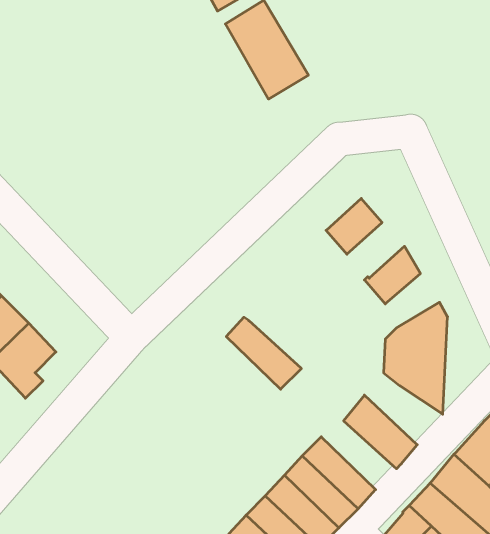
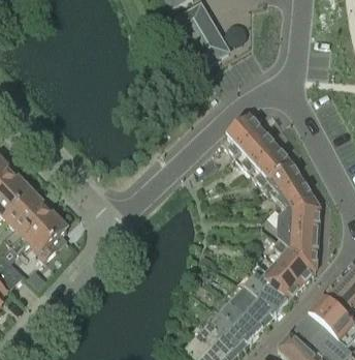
building: none -> [226,113,263,149]
building: none -> [254,144,291,180]
building: none -> [276,177,314,212]
building: [226,317,301,389] -> [237,270,286,317]
building: none -> [265,241,316,288]

